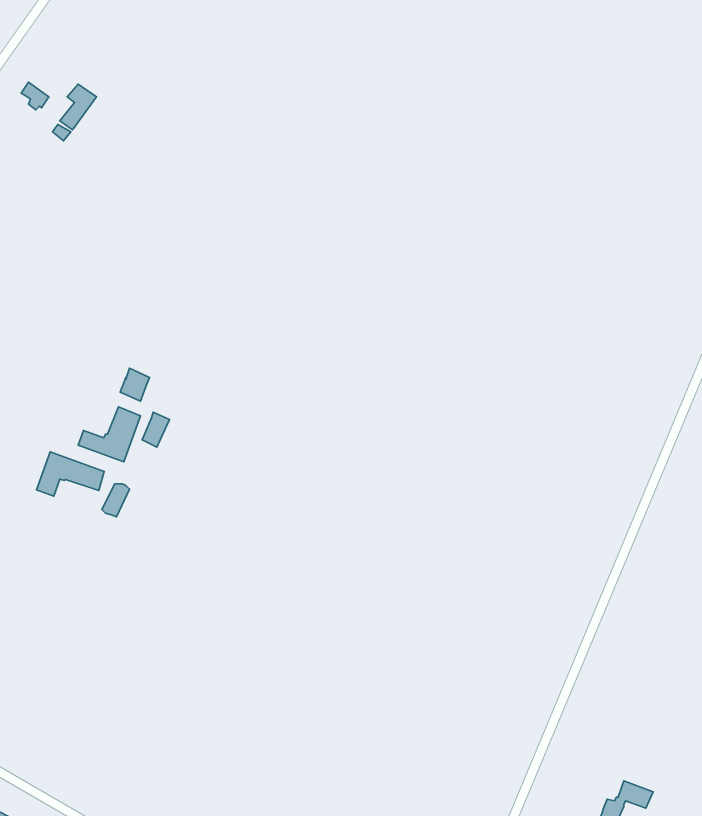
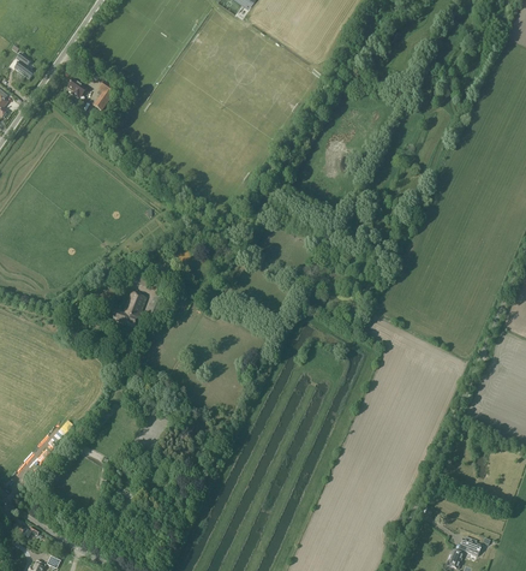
building: [36,452,104,496] -> none

